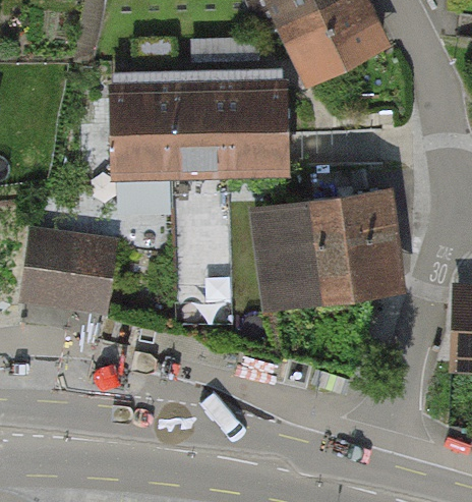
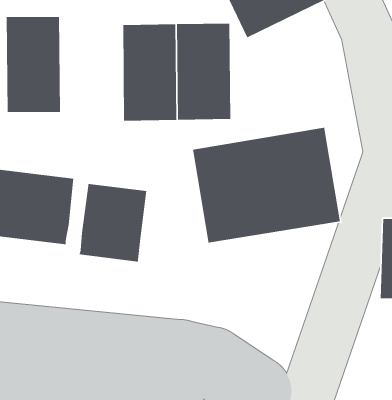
building: [110,74,170,180] -> [6,16,61,113]
building: none -> [79,183,147,262]

